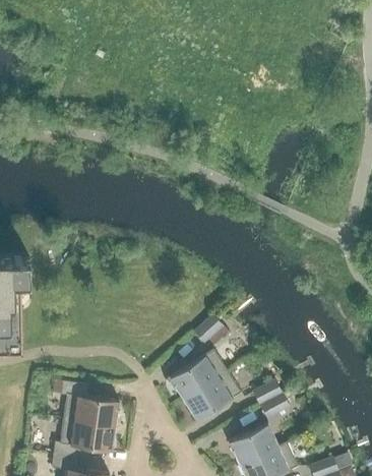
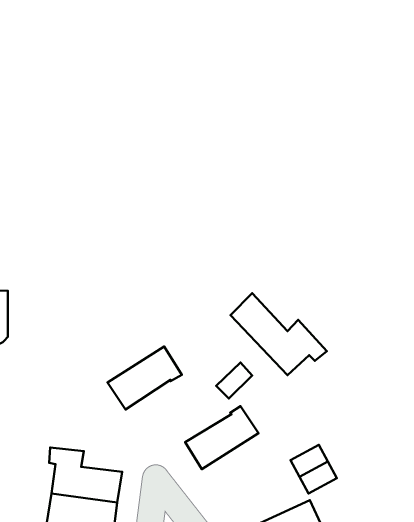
building: none -> [230,293,327,375]
building: [182,371,241,421] -> [107,347,182,409]

